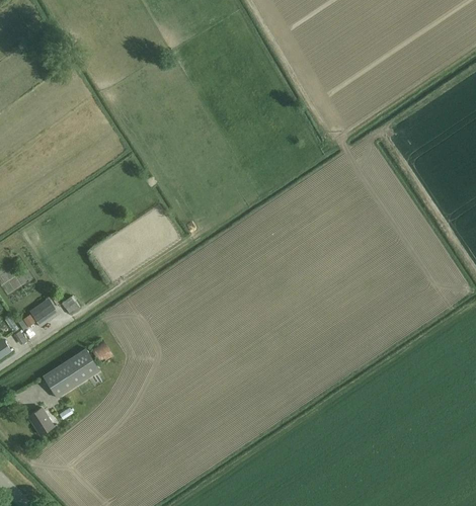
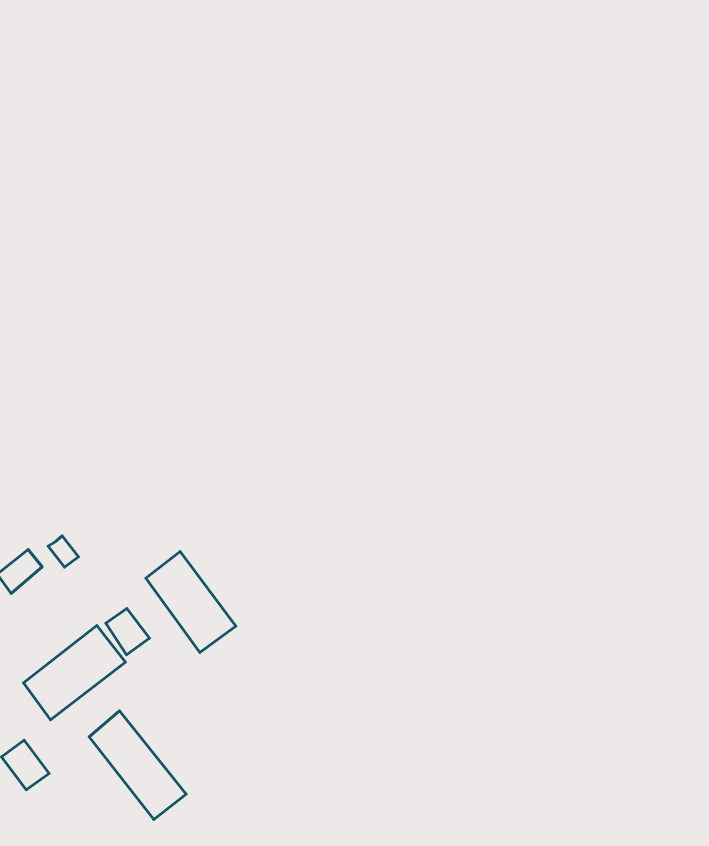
building: none -> [146,551,236,652]
building: none -> [89,711,186,819]

